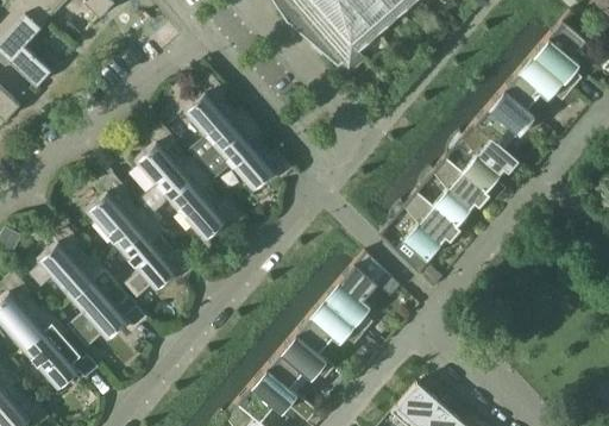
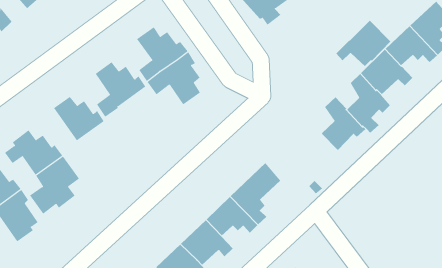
building: none -> [335,20,391,67]
building: [169,170,224,239] -> none
building: [396,192,462,274] -> none
building: [120,220,175,299] -> none

